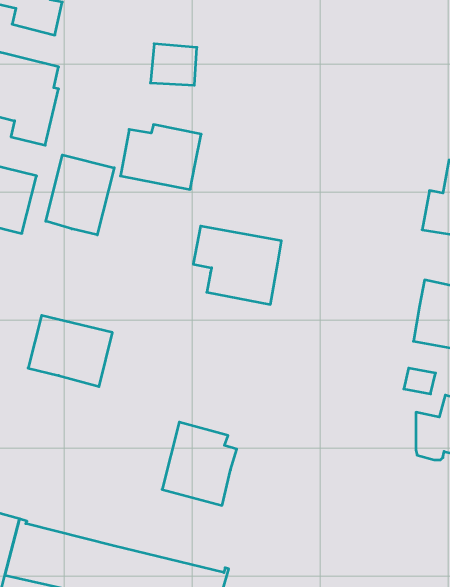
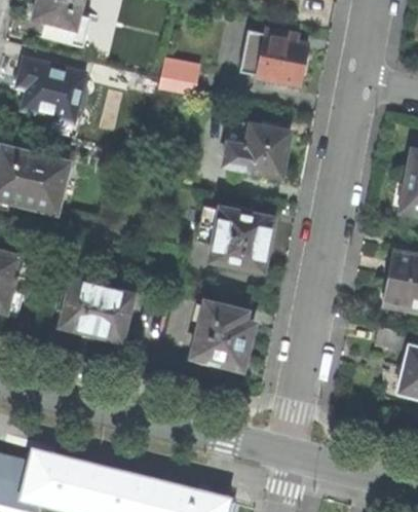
building: none -> [246,28,306,85]
building: [120,125,201,189] -> [223,123,291,178]
building: [46,155,114,235] -> none
building: [162,422,237,505] -> [192,302,255,372]

